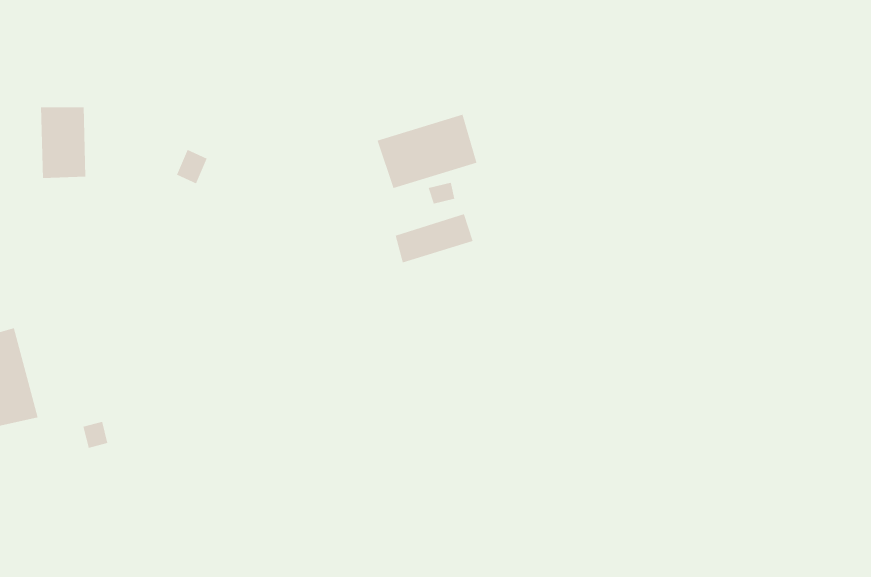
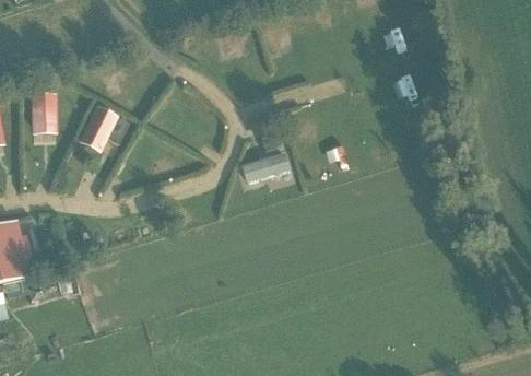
building: [377,114,477,189] -> none
building: none -> [73,103,111,156]

